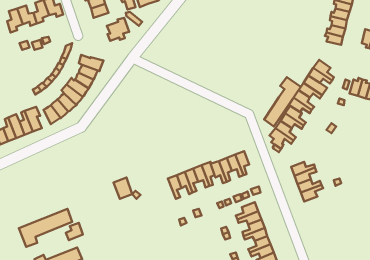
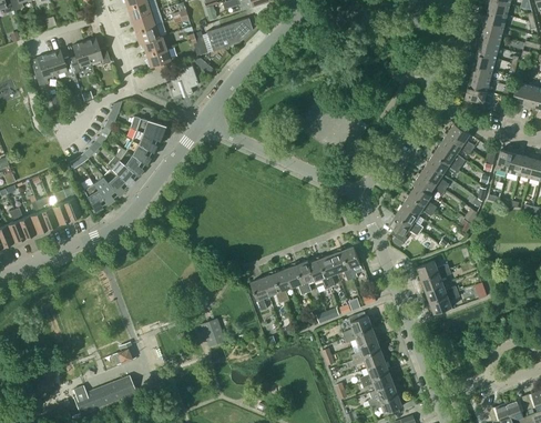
building: [264,77,301,126] -> none
building: [113,178,132,199] -> [200,319,225,348]
building: [19,209,72,247] -> none

